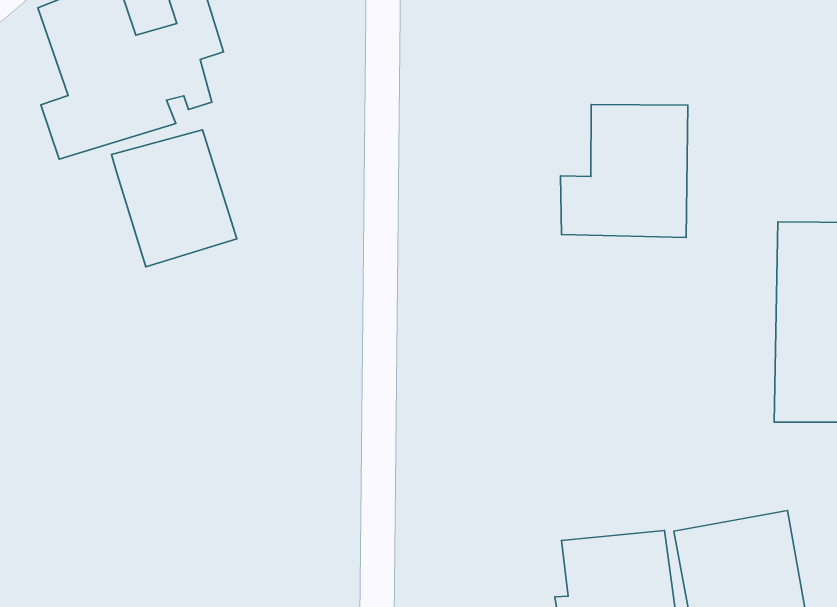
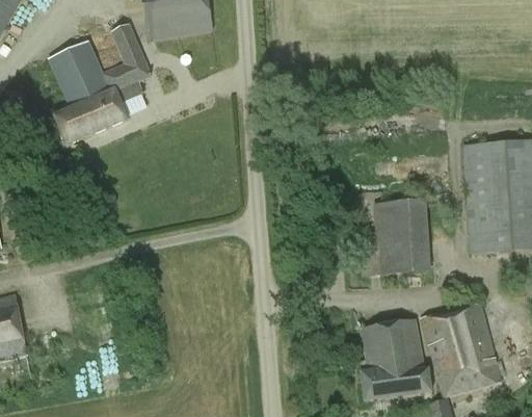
building: [561,105,688,238] -> [358,199,430,276]
building: [111,130,237,267] -> none

